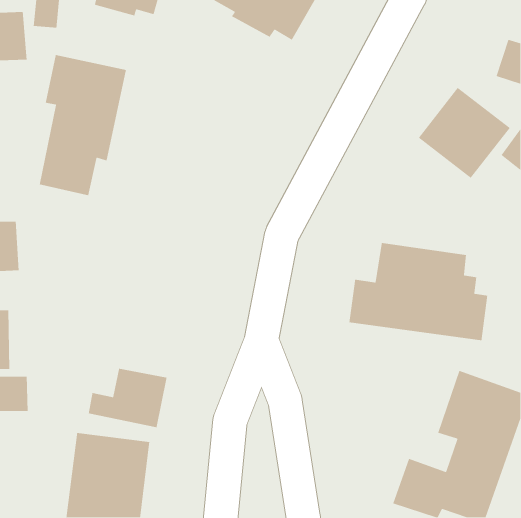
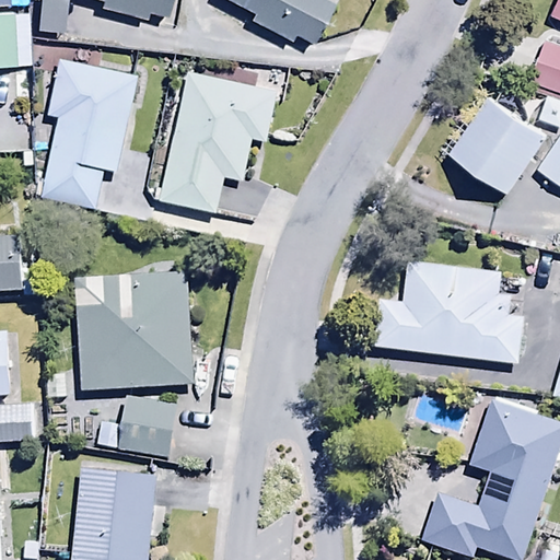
building: none -> [160,71,278,222]
building: none -> [74,270,194,390]

